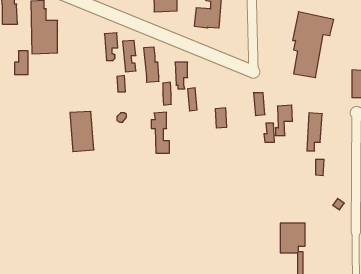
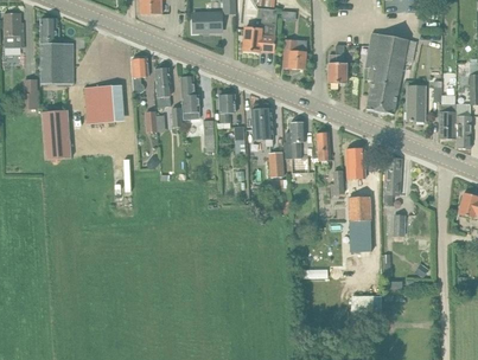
building: none -> [283,38,306,69]
building: none -> [329,44,346,82]
building: none -> [84,84,115,122]
building: none -> [407,85,425,120]
building: none -> [251,107,273,146]
building: [70,112,94,152] -> [42,109,71,159]
building: [151,112,169,153] -> [286,121,308,172]
building: none -> [349,195,371,285]

